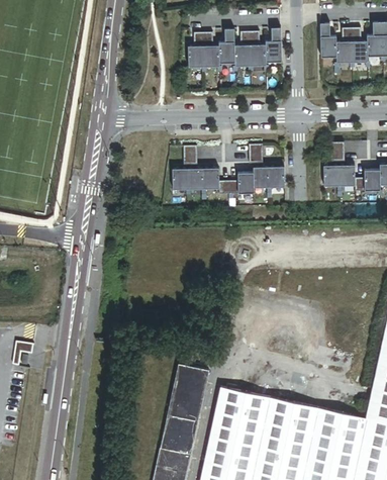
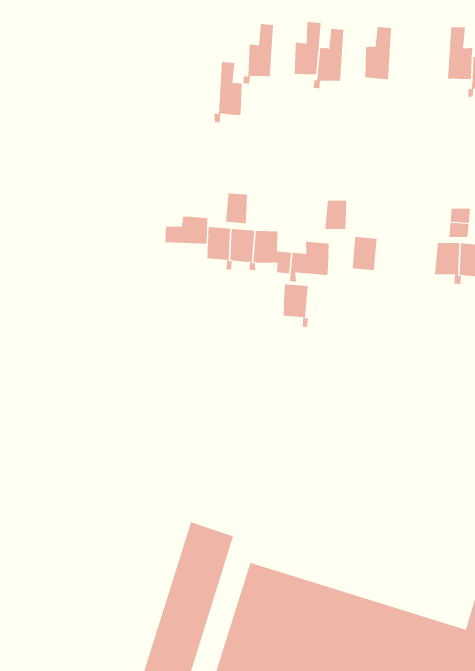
building: [249,30,266,72] -> none
building: [201,32,219,73] -> [214,62,242,123]
building: none -> [165,216,208,244]
building: [253,167,271,194] -> [283,284,309,327]

